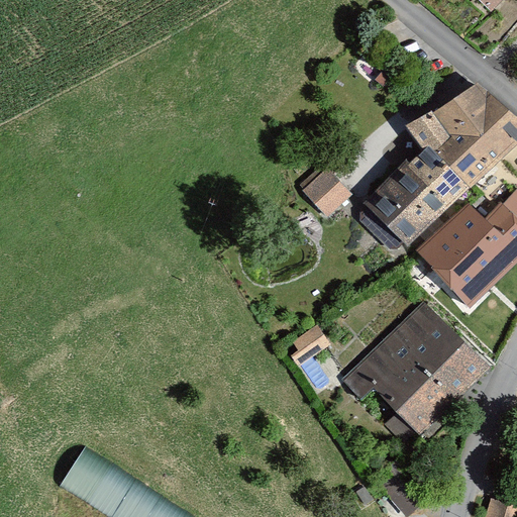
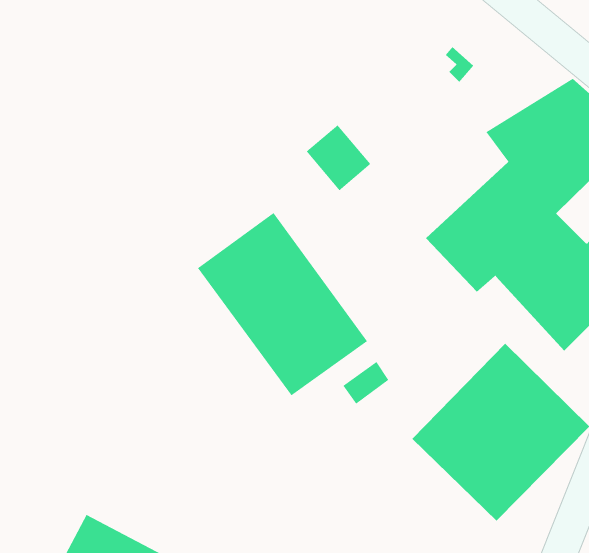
building: [301,163,354,217] -> [306,125,371,191]
building: none -> [197,212,368,396]

